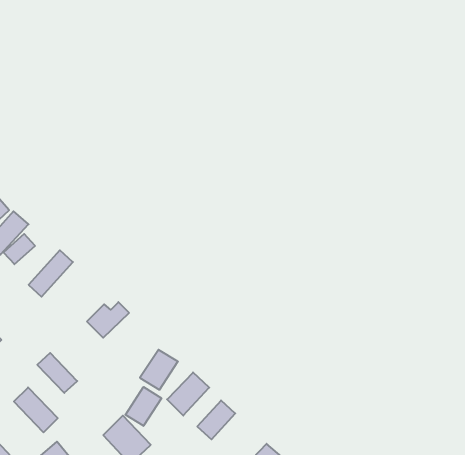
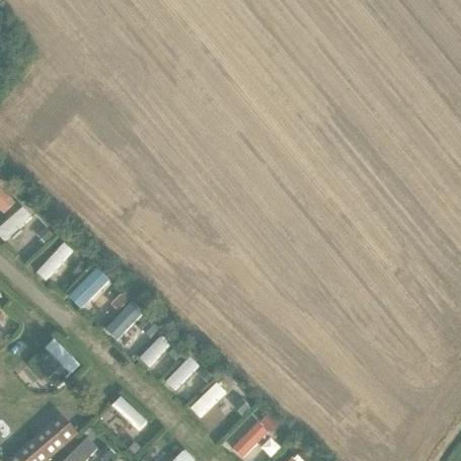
building: none -> [65,262,110,307]
building: none -> [102,304,136,337]
building: [125,387,161,426] -> none
building: [14,387,58,432] -> none

